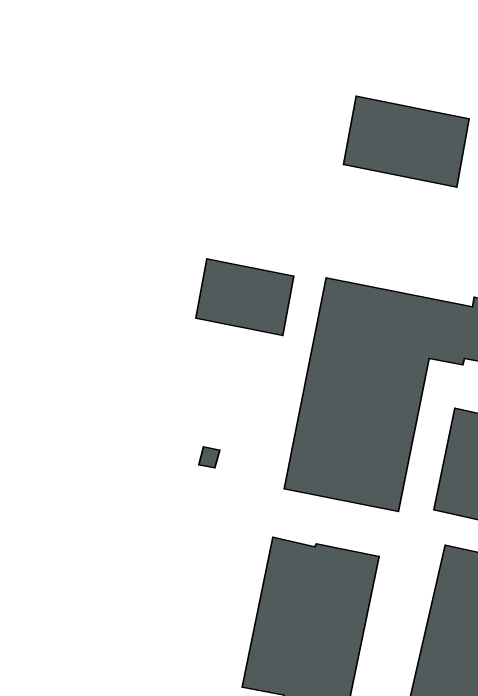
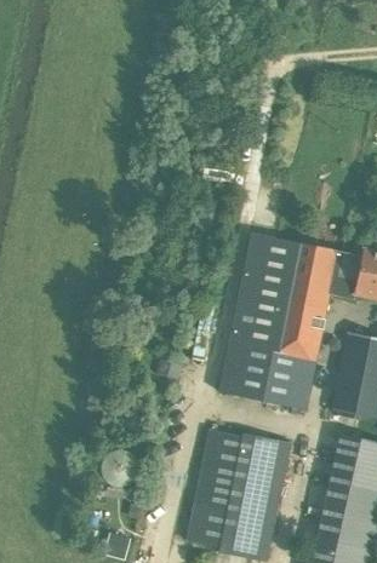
building: [344,96,469,187] -> none
building: [196,259,294,335] -> none

